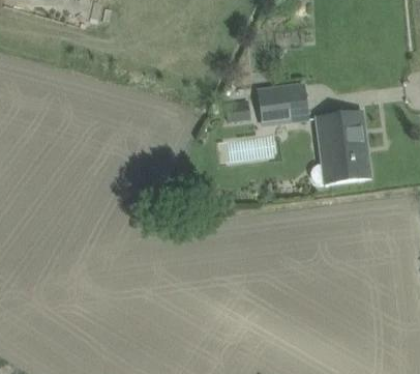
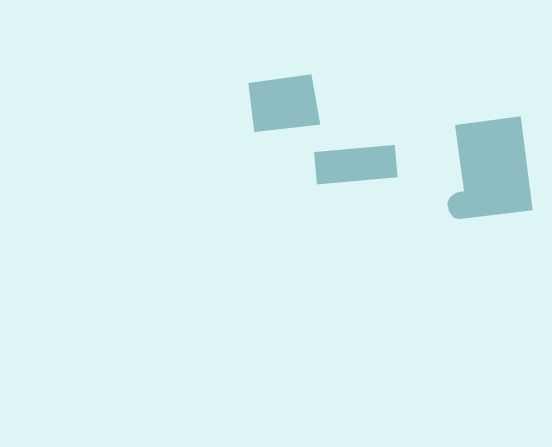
building: [258,83,308,123] -> [248,74,321,132]

